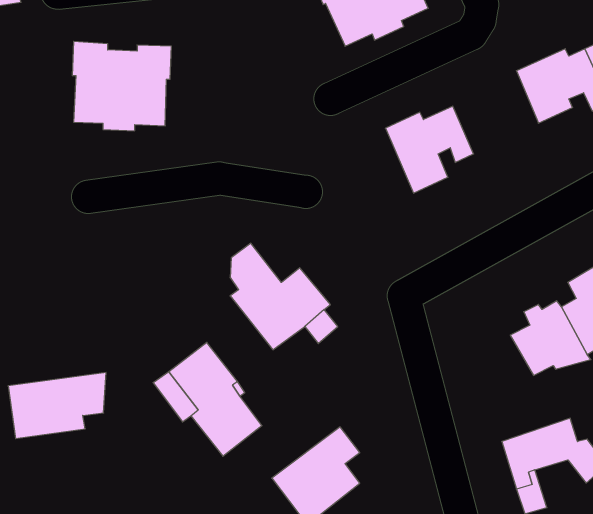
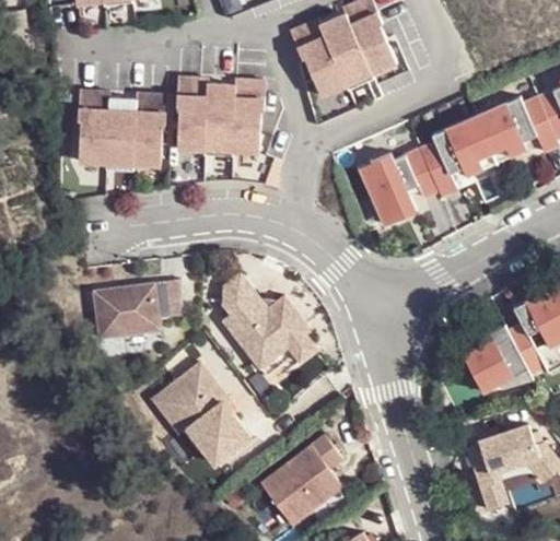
building: none -> [177,79,266,157]
building: none -> [419,118,495,199]
building: [8,373,106,439] -> [92,282,179,341]

